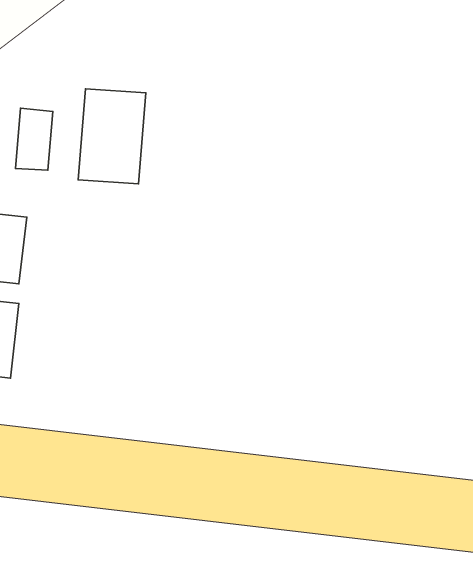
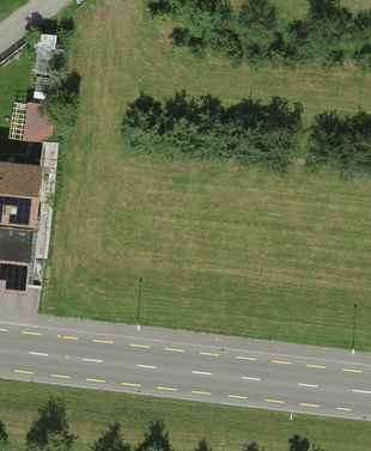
building: [78,89,146,184] -> none

